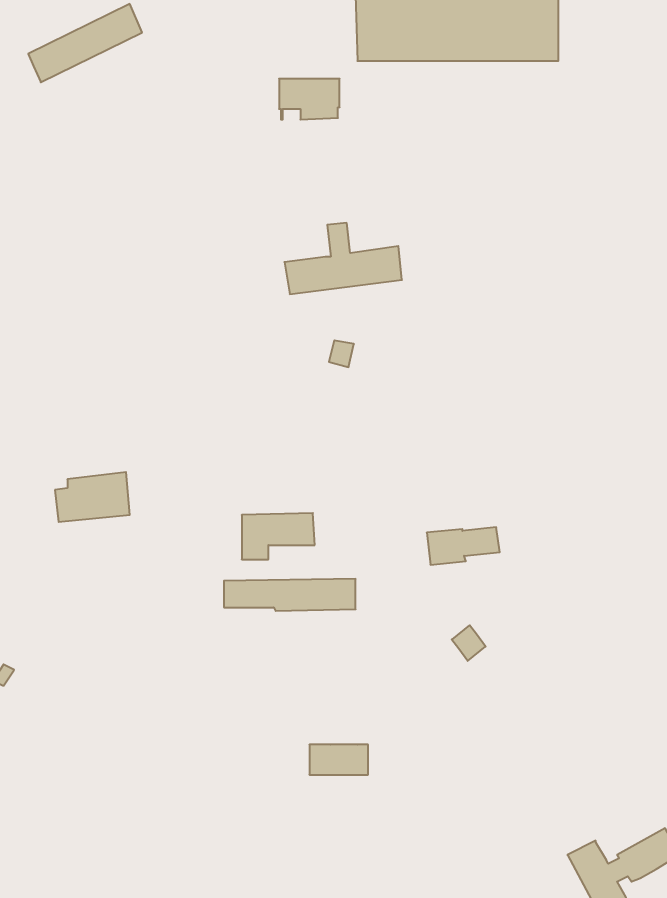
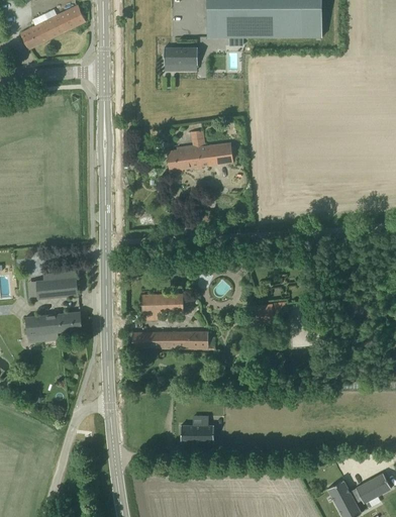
building: none -> [24,311,82,340]

